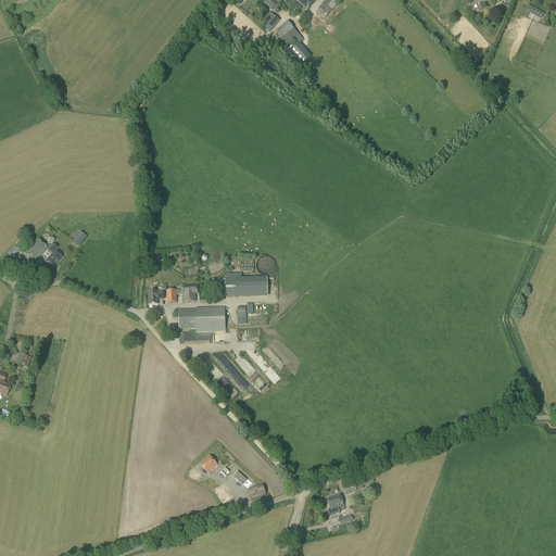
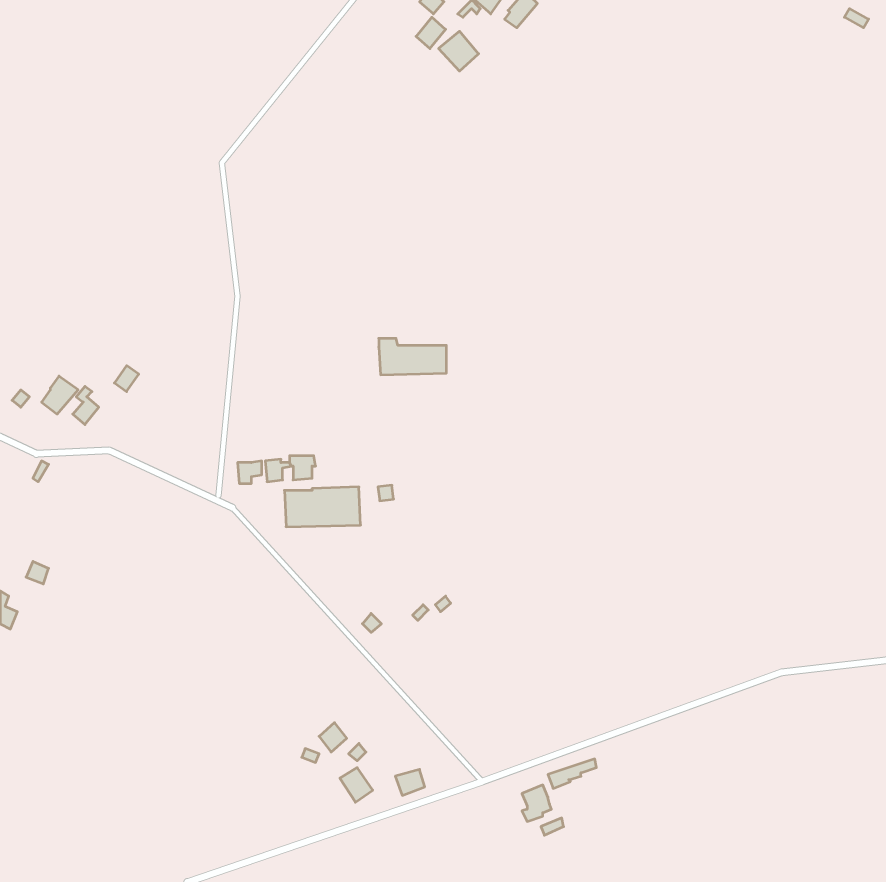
building: [225,273,267,295] -> [379,338,446,375]

